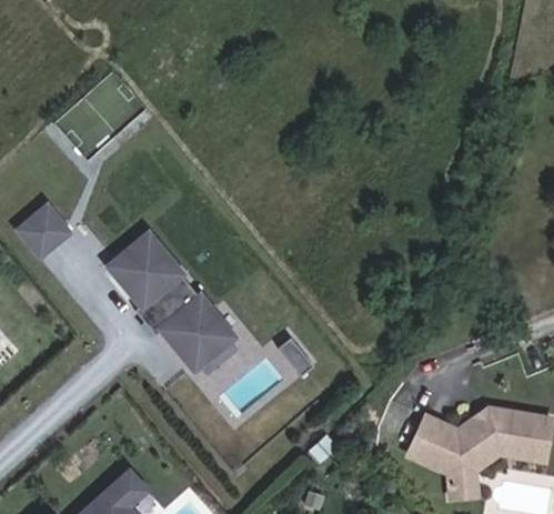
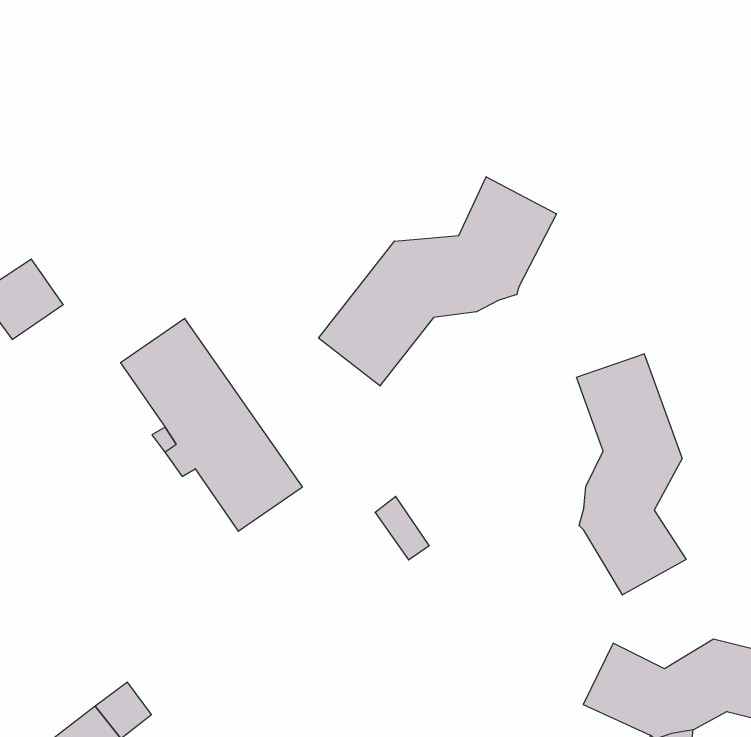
building: none -> [319,177,557,386]
building: none -> [576,354,686,595]

